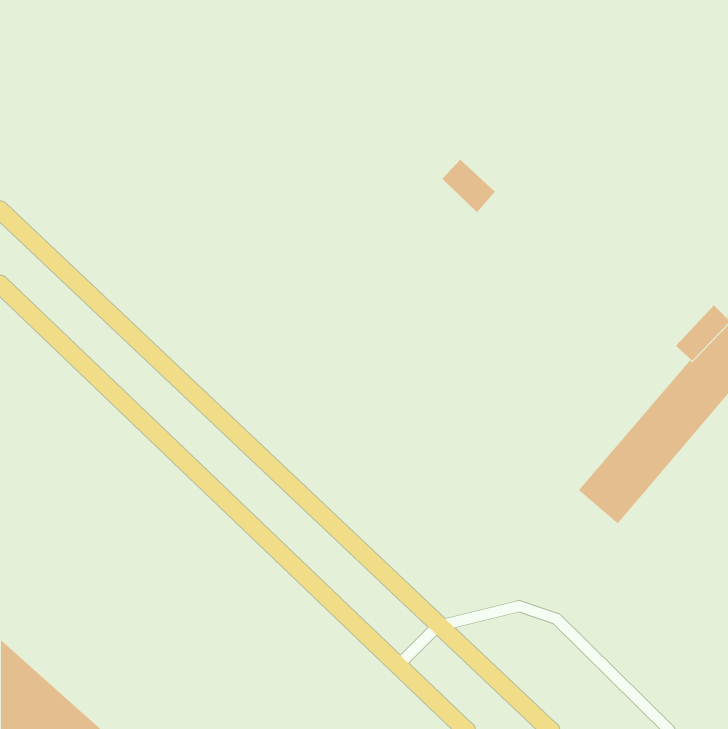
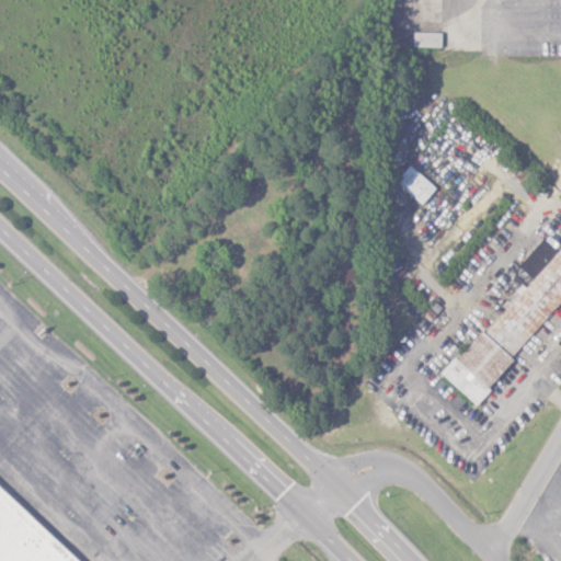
building: none -> [413,34,443,49]
building: [442,159,496,213] -> [396,164,437,206]

